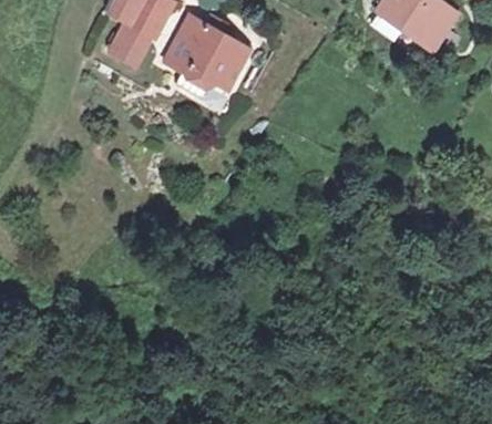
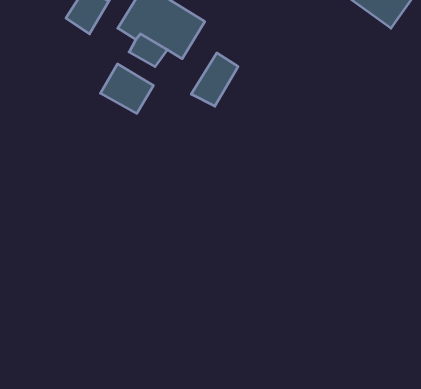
building: none -> [191,53,238,106]
building: none -> [100,64,153,113]

